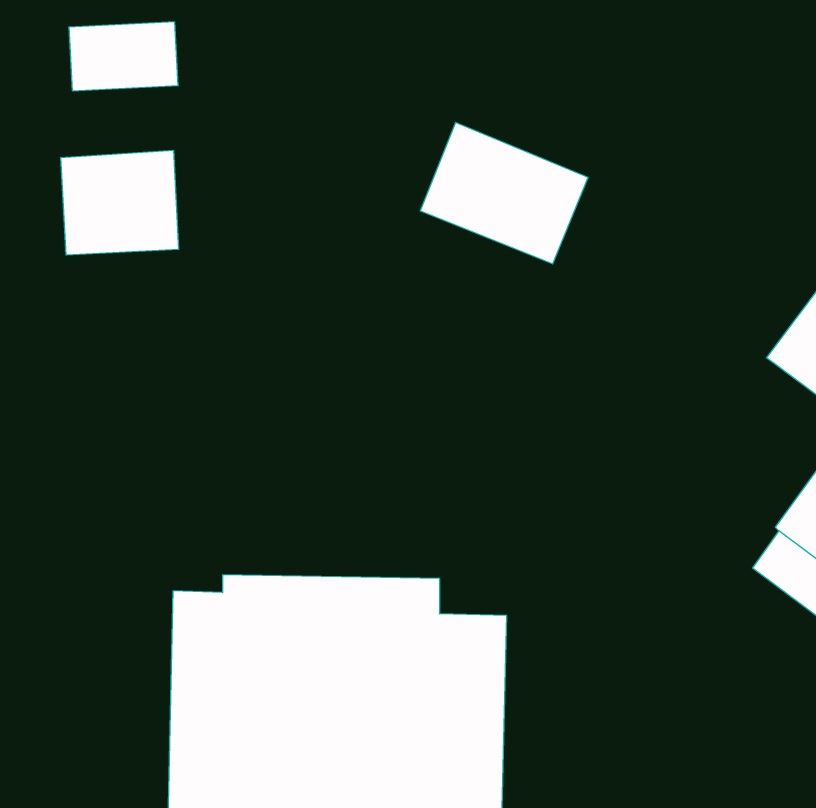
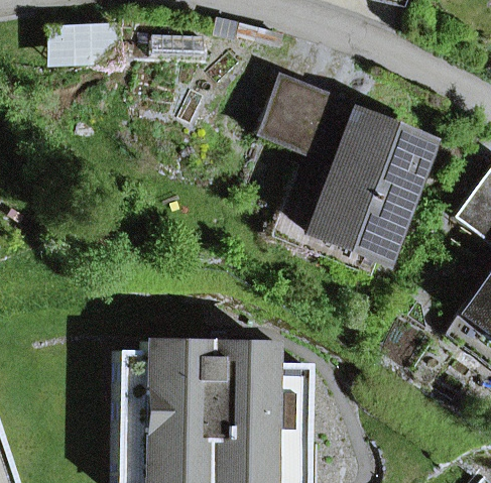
building: [61,150,179,255] -> none
building: none -> [309,113,427,258]

